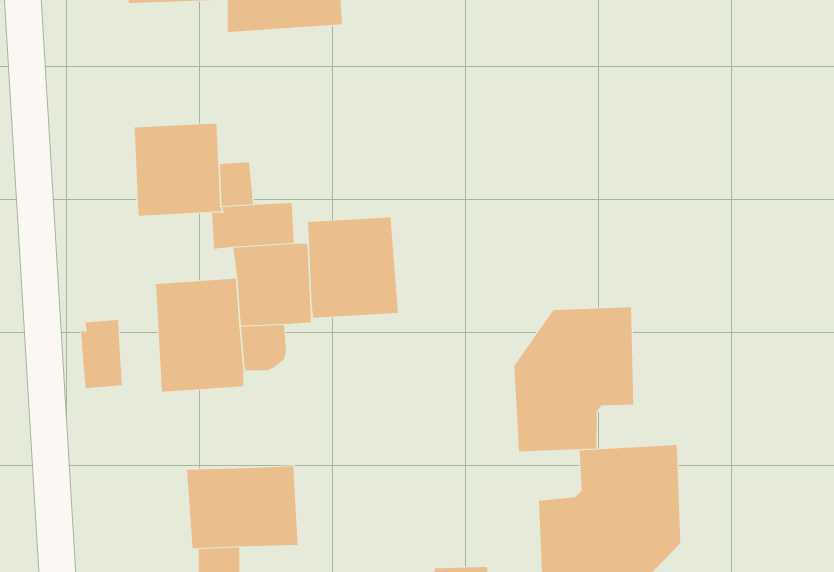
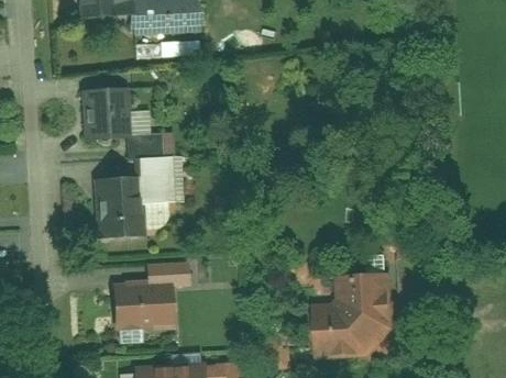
building: [307,217,398,319] -> none
building: [514,306,634,452] -> none
building: [81,319,122,389] -> none
building: none -> [144,262,189,286]

